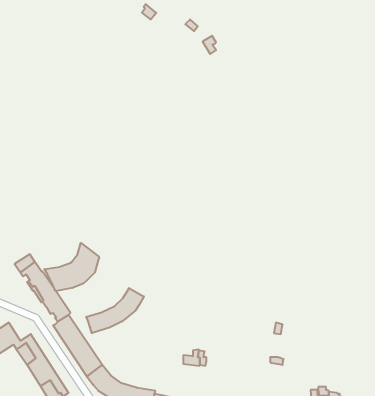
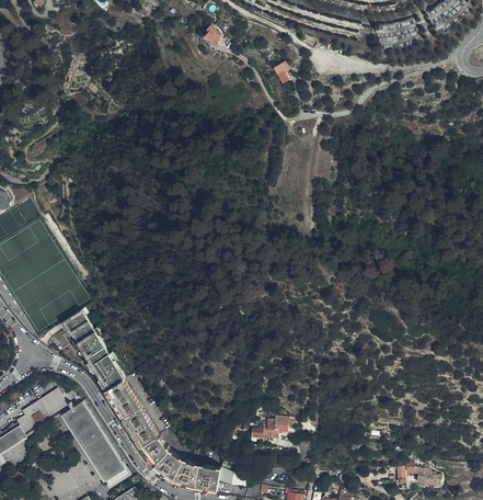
building: [44,243,99,291] -> none
building: [86,288,144,333] -> none

